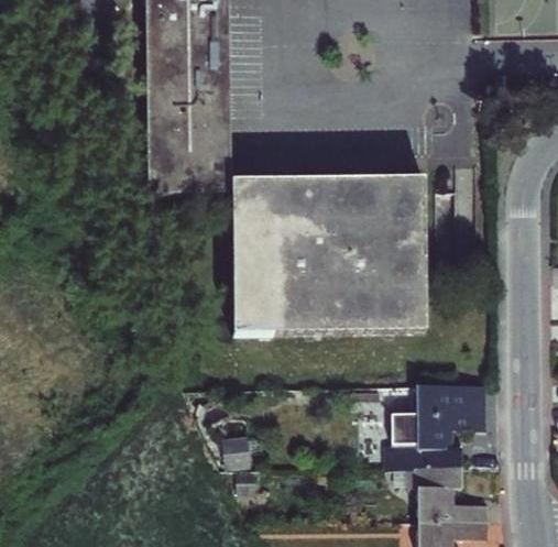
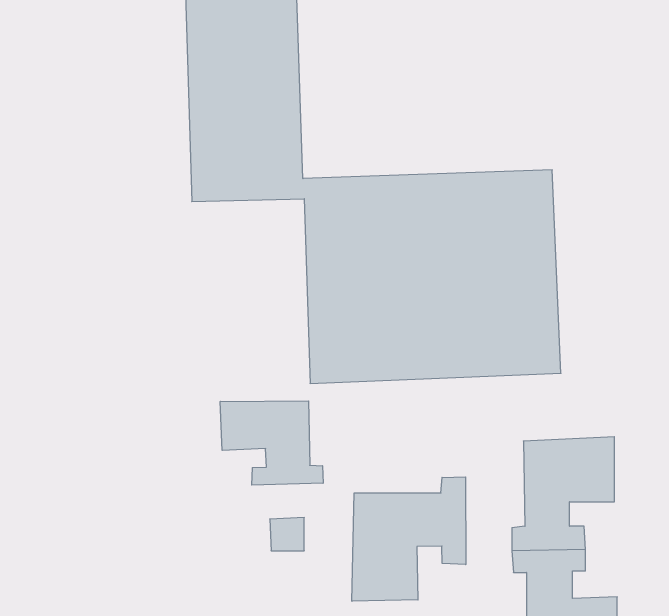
building: none -> [220,401,323,485]
building: none -> [352,477,466,601]

